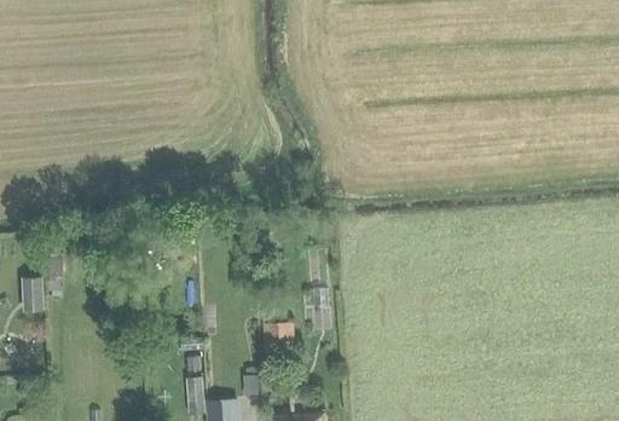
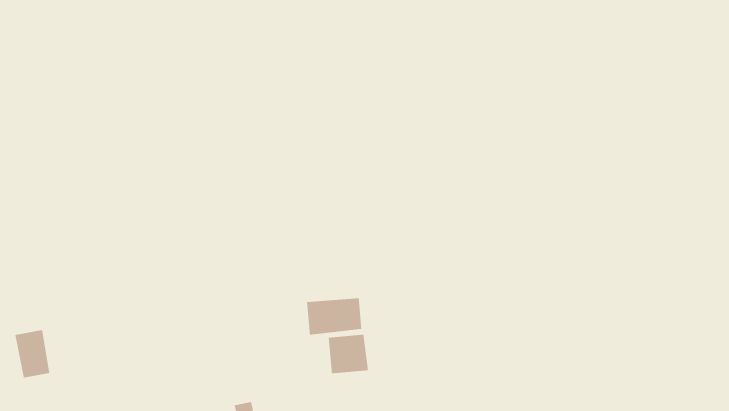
building: none -> [307,298,362,335]

